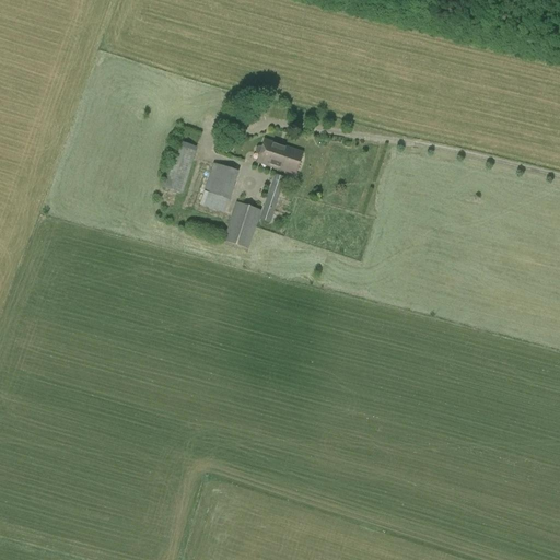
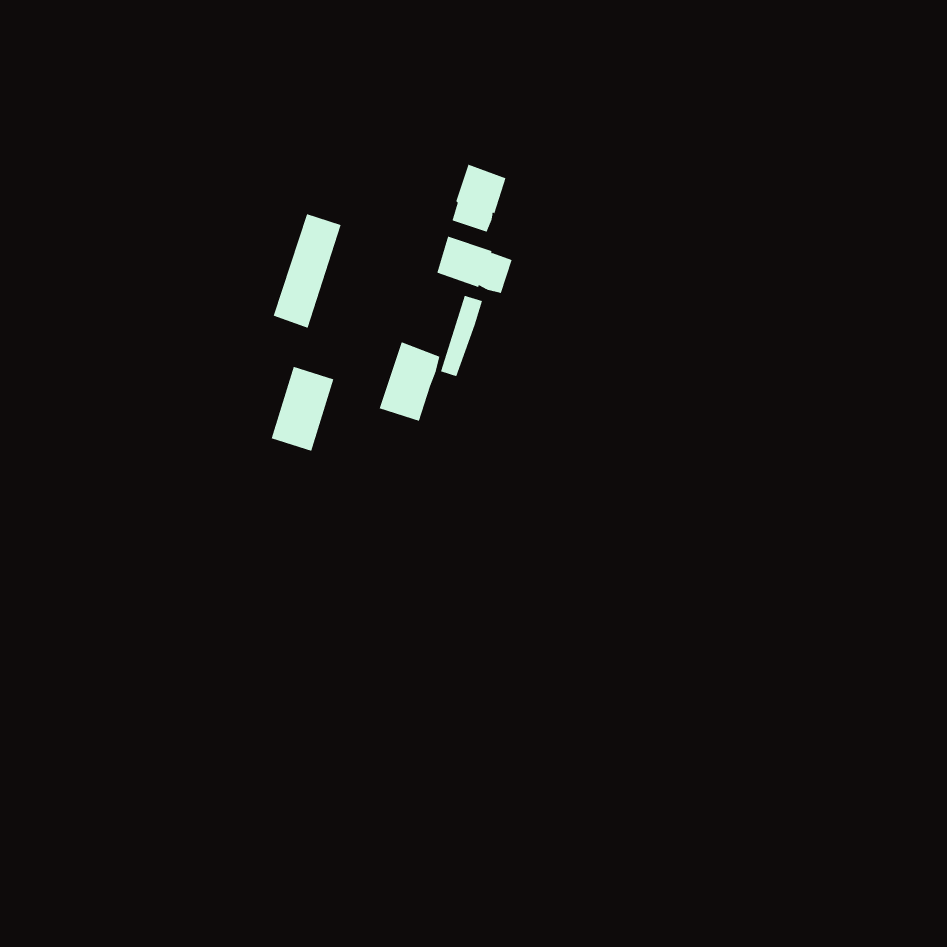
building: none -> [452,164,506,232]
building: [201,162,238,212] -> [271,366,334,452]

